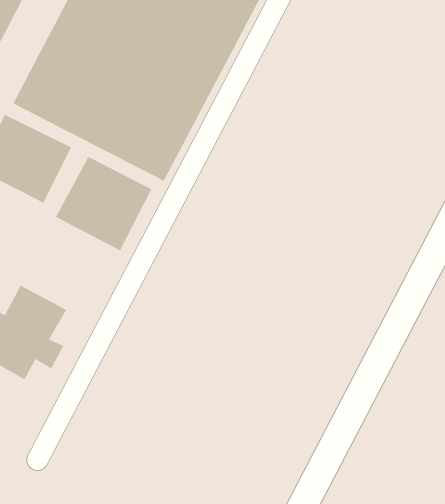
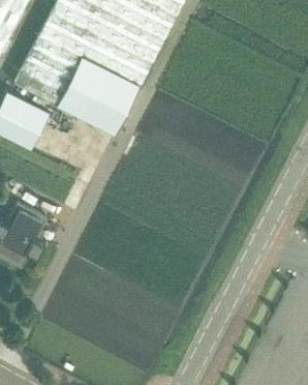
building: [55,156,152,251] -> none

